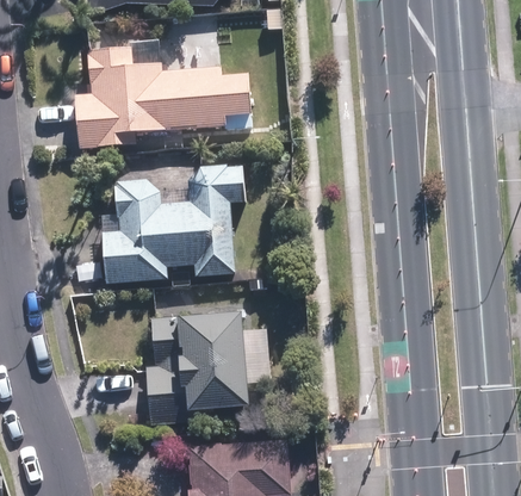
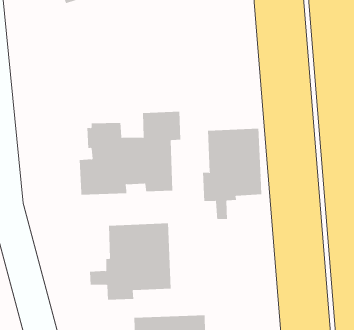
building: [82,46,254,144] -> none
building: none -> [202,128,262,220]

